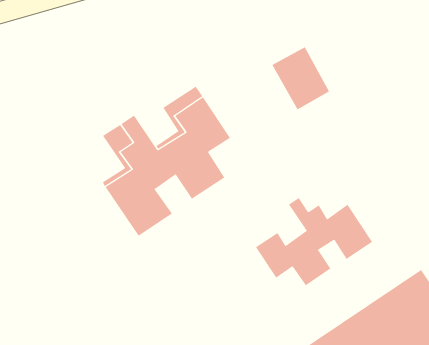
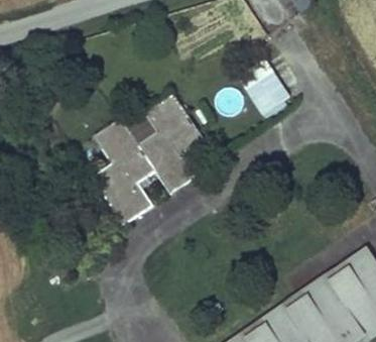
building: [255,197,373,286] -> none

